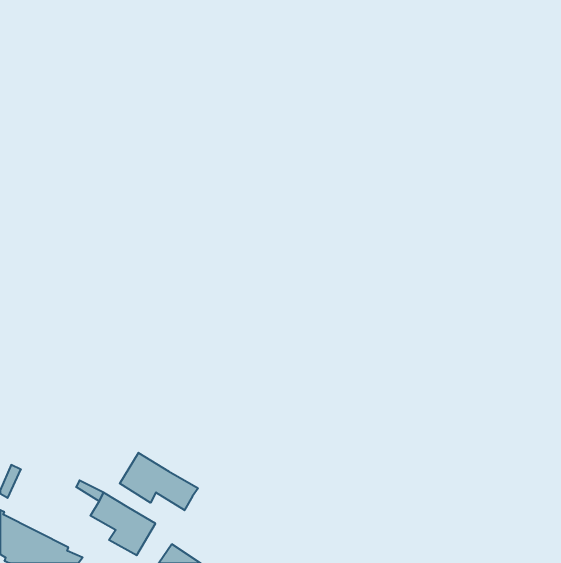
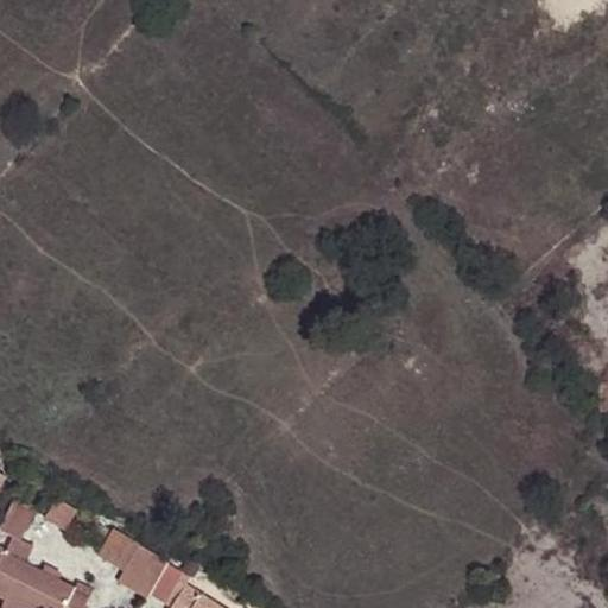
building: [120,453,198,510] -> none

